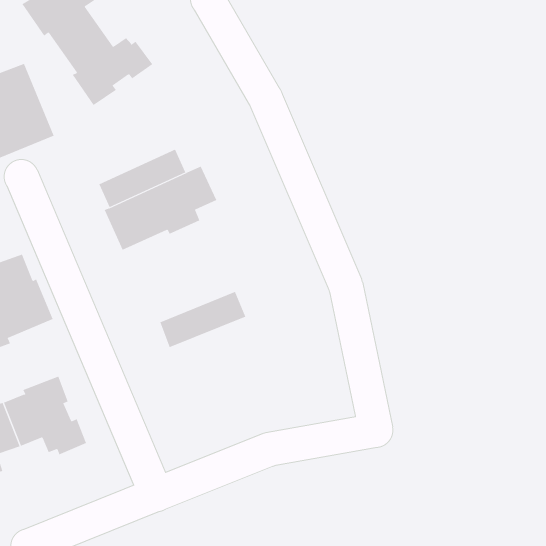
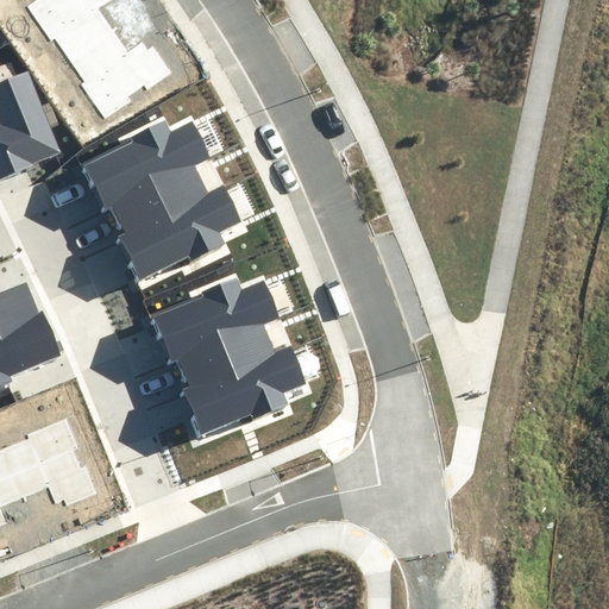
building: none -> [80,120,211,208]
building: none -> [147,277,278,363]
building: none -> [182,346,304,433]

